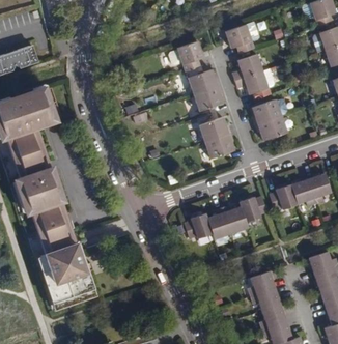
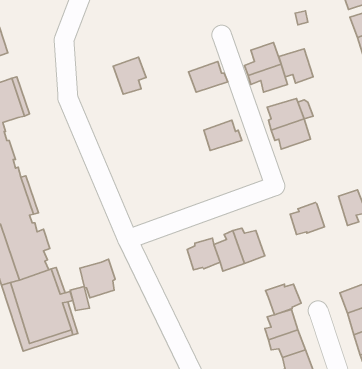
building: [225,25,253,53] -> [279,49,313,83]
building: [176,40,203,70] -> [113,57,146,94]
building: [193,85,223,110] -> none
building: [204,133,233,157] -> none
building: [291,178,316,205] -> none
building: [240,196,269,221] -> [265,284,301,315]
building: none -> [80,259,115,298]

